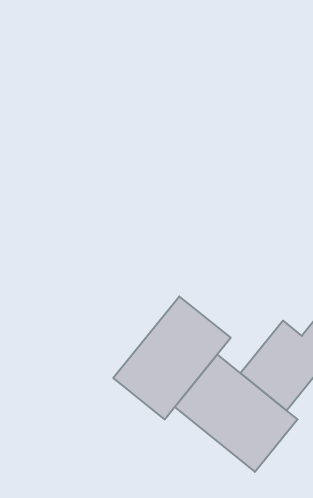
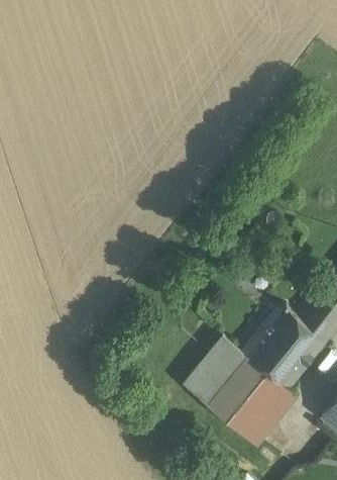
building: [113,296,231,419] -> none

